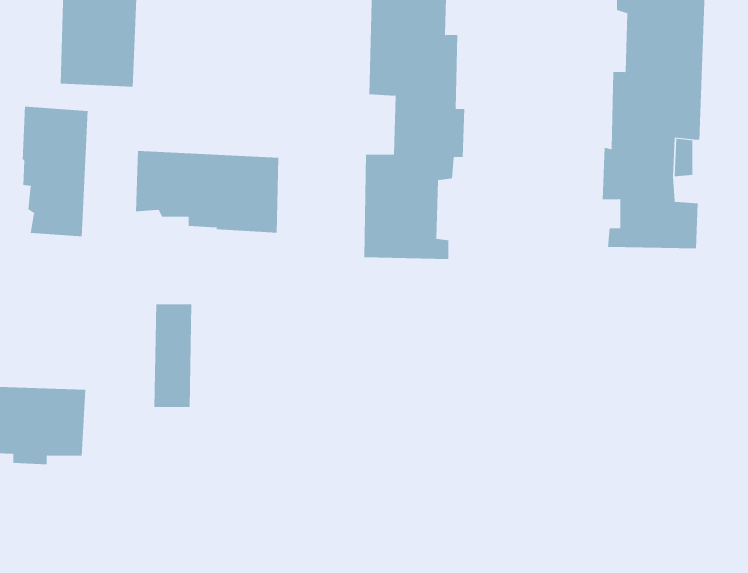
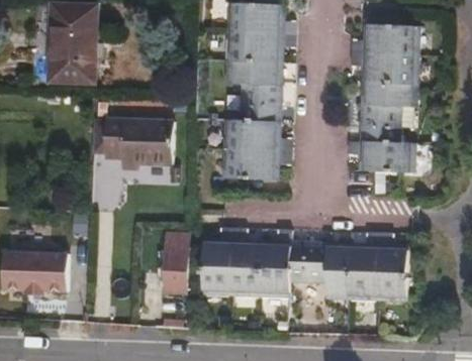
building: [22,106,88,237] -> none
building: [154,304,192,408] -> [165,231,187,290]
building: none -> [204,241,409,302]

